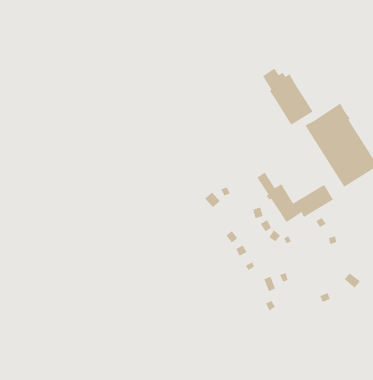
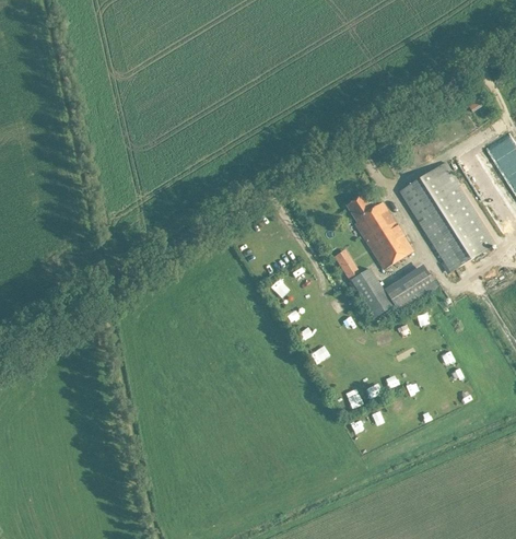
building: [262,68,313,126] -> [347,194,413,269]

